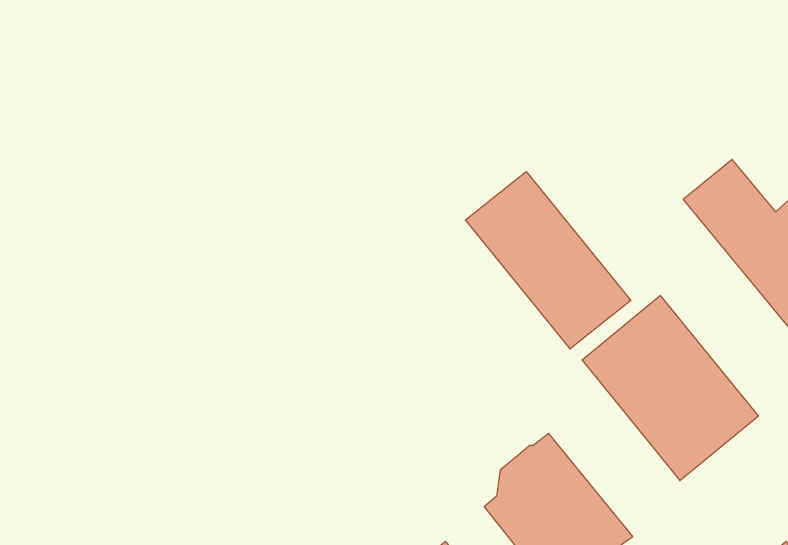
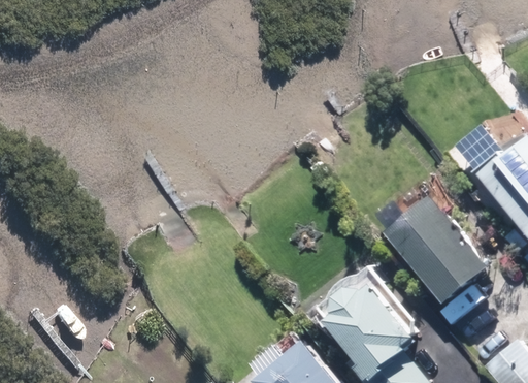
building: [465,172,631,349] -> none

